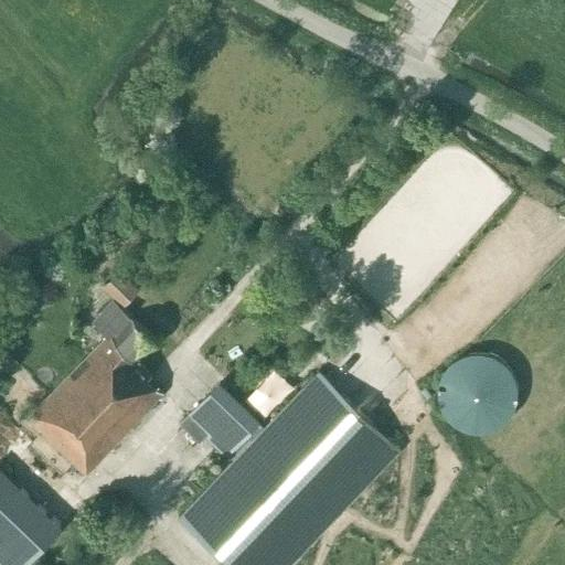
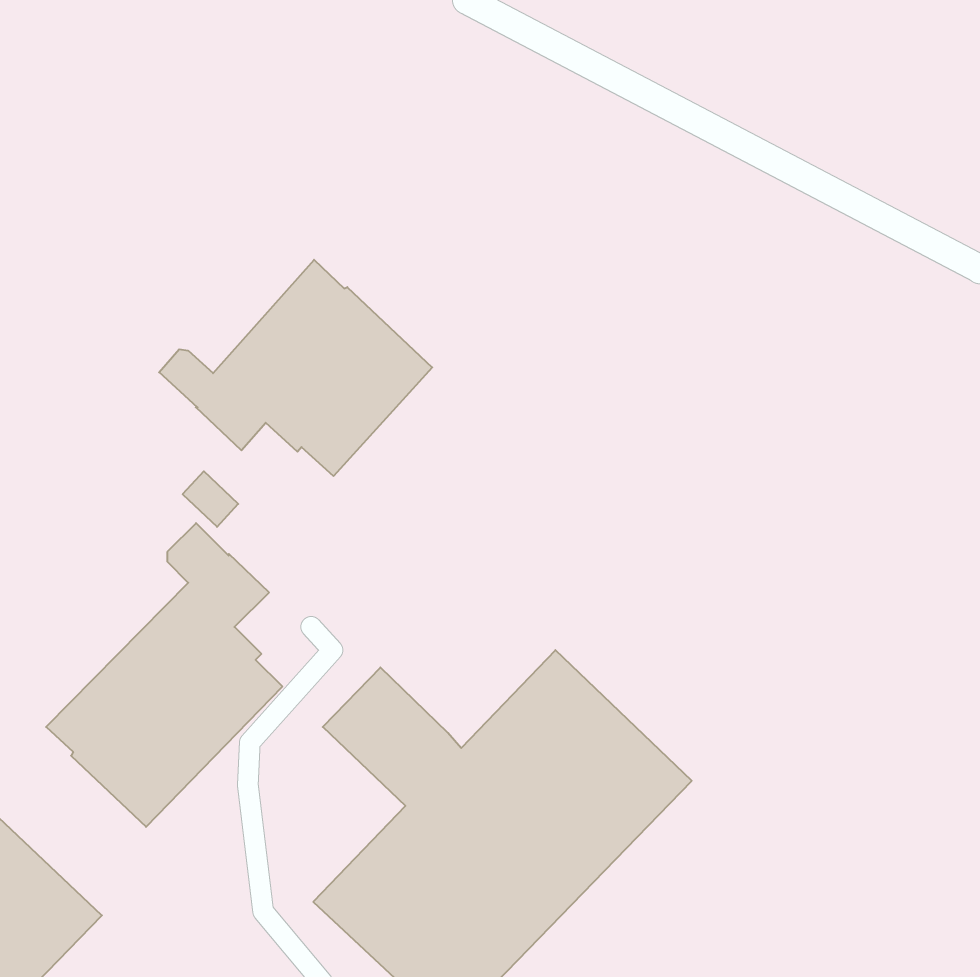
building: none -> [159,260,432,476]
building: [437,353,516,433] -> none

